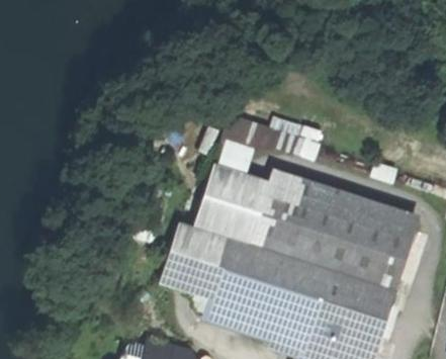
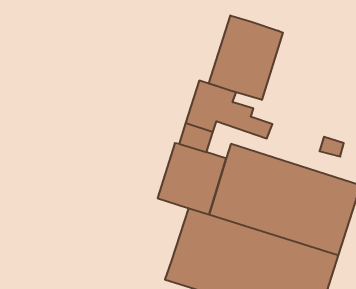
building: none -> [209,15,283,100]
building: [159,225,228,300] -> none

